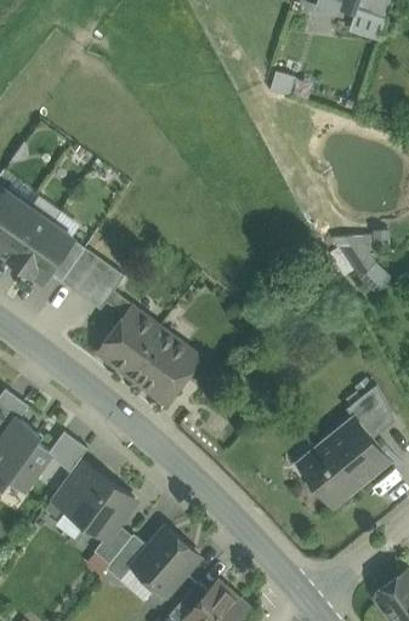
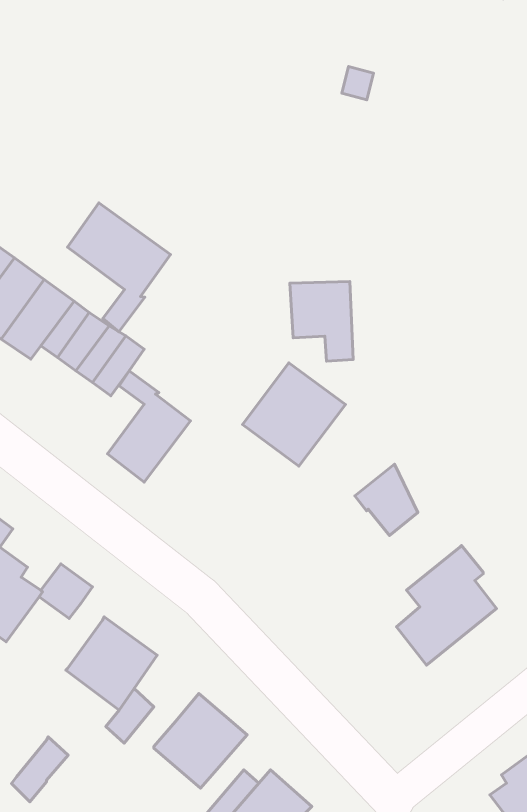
building: none -> [68,203,171,332]
building: [334,232,380,290] -> [290,281,353,361]
building: [125,327,200,403] -> [242,363,345,466]
building: [347,386,393,438] -> [355,464,418,536]
building: [53,461,95,508] -> none
building: [107,534,148,581] -> [12,737,68,802]

